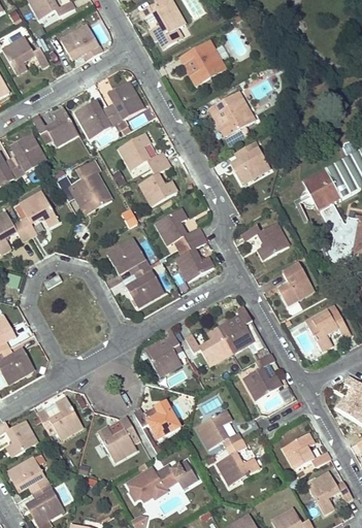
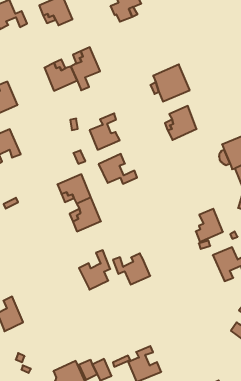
building: [179,40,226,88] -> none
building: [32,109,78,147] -> none
building: [119,134,166,170] -> none
building: [57,158,111,205] -> none
building: [241,223,288,259] -> none
building: [174,234,212,282] -> none
building: [216,304,253,352] -> none
building: [241,352,282,399] -> none
building: [132,400,178,438] -> none
building: [195,408,240,447] -> none
building: [96,415,136,463] -> none
building: [282,431,329,468] -> none

